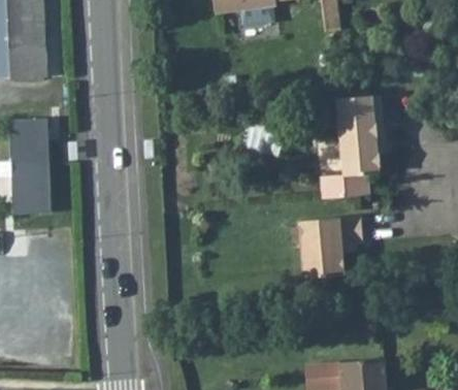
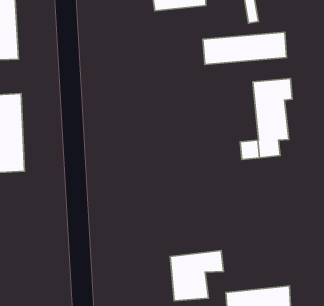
building: none -> [203,32,287,65]
building: [299,217,365,279] -> [170,251,224,301]

